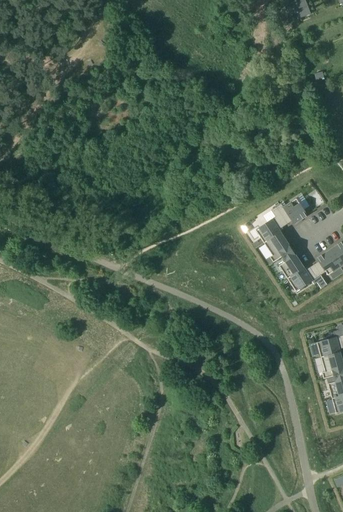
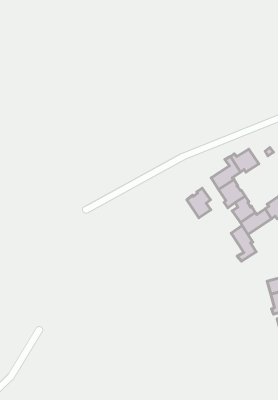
building: none -> [187,188,211,218]
building: none -> [231,226,256,261]

